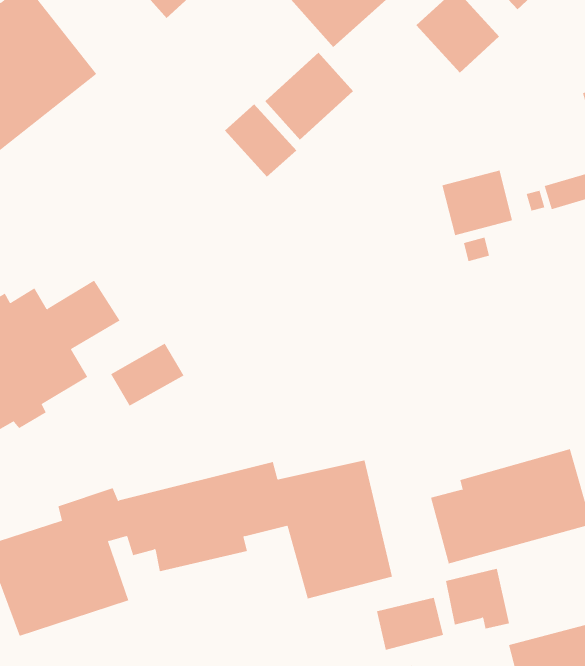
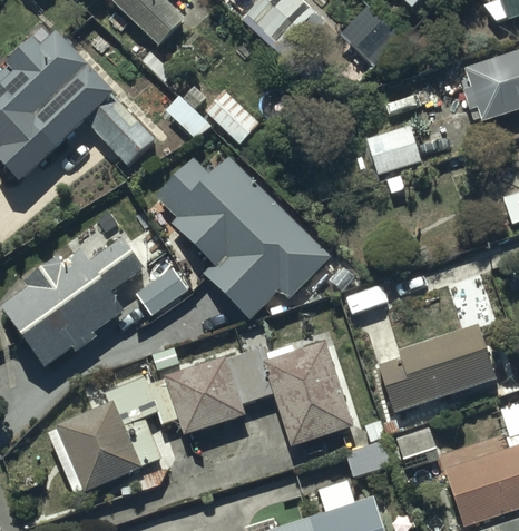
building: [264,52,354,141] -> none
building: none -> [85,92,156,164]
building: none -> [158,147,335,315]

